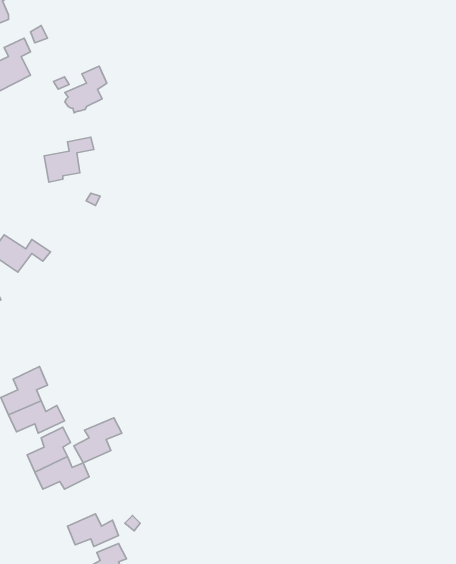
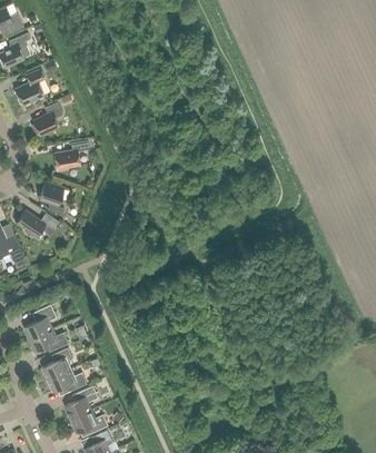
building: [65,66,107,113] -> [31,101,61,135]
building: none -> [38,180,63,214]
building: [74,418,122,463] -> [63,386,98,418]

